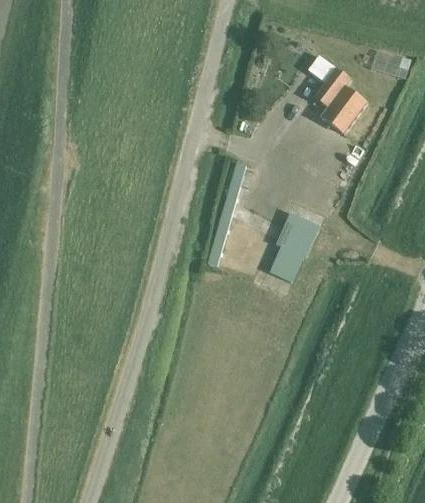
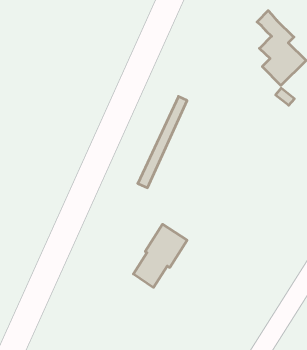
building: [267,212,319,281] -> [133,224,187,287]

